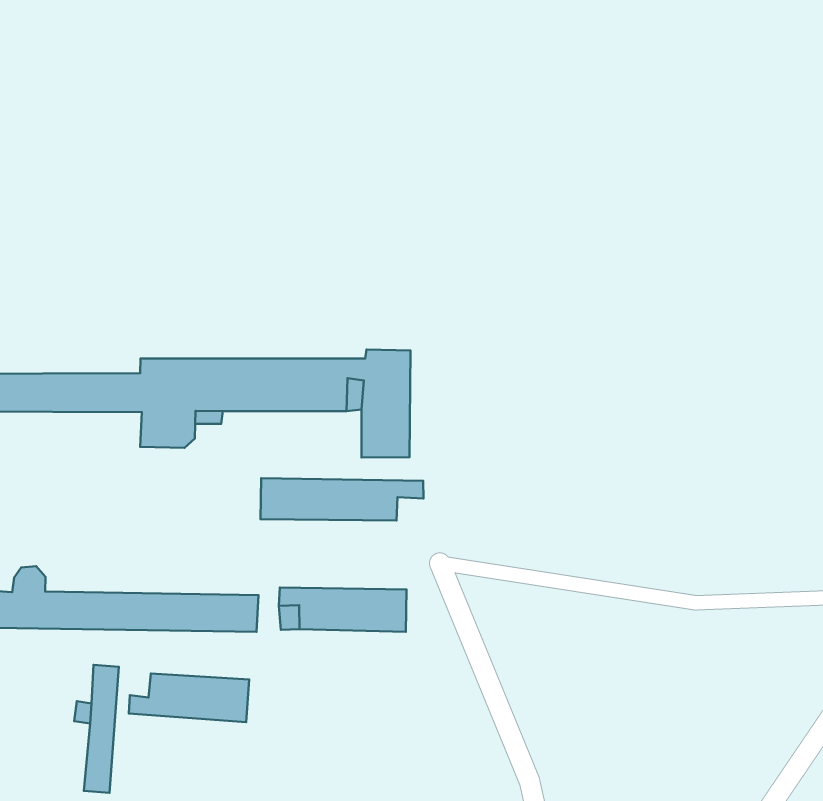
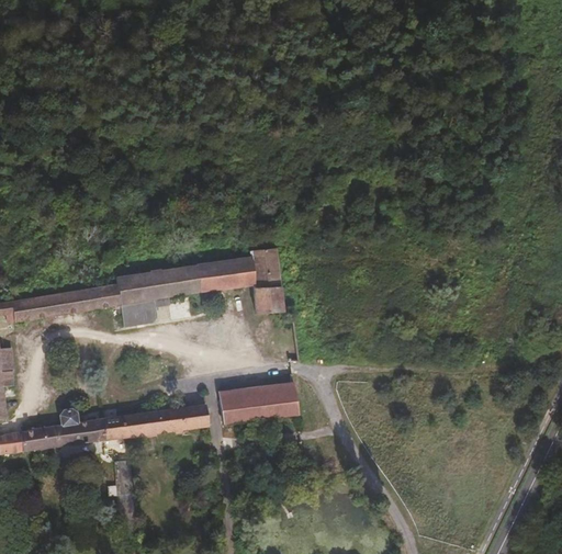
building: [261,478,424,520] -> none
building: [129,673,249,722] -> none

